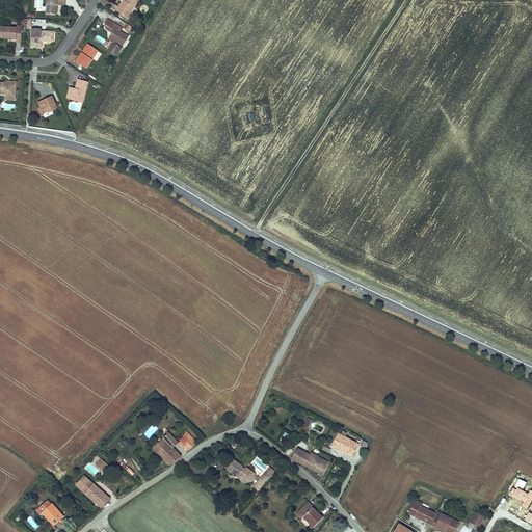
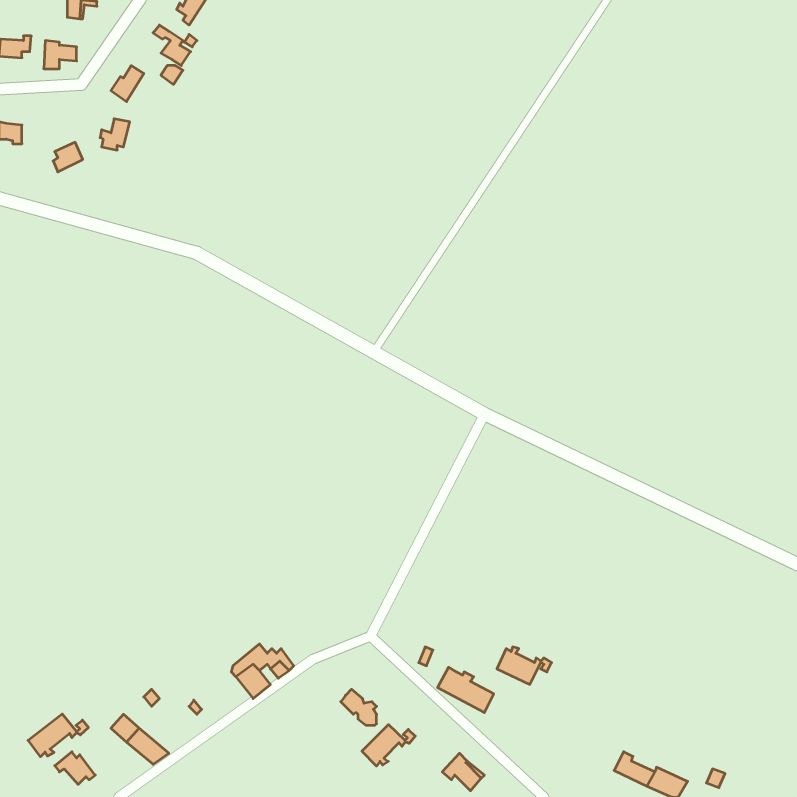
building: none -> [28,714,88,757]
building: none -> [362,725,415,766]

